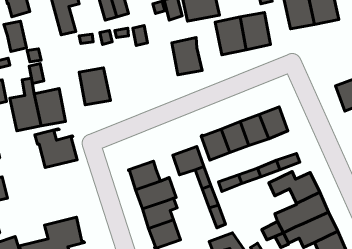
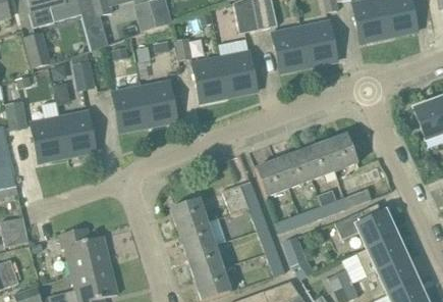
building: none -> [71,52,96,91]
building: none -> [192,57,228,101]
building: none -> [141,81,177,125]
building: [35,129,77,168] -> [59,226,109,272]
building: none -> [282,236,314,278]

